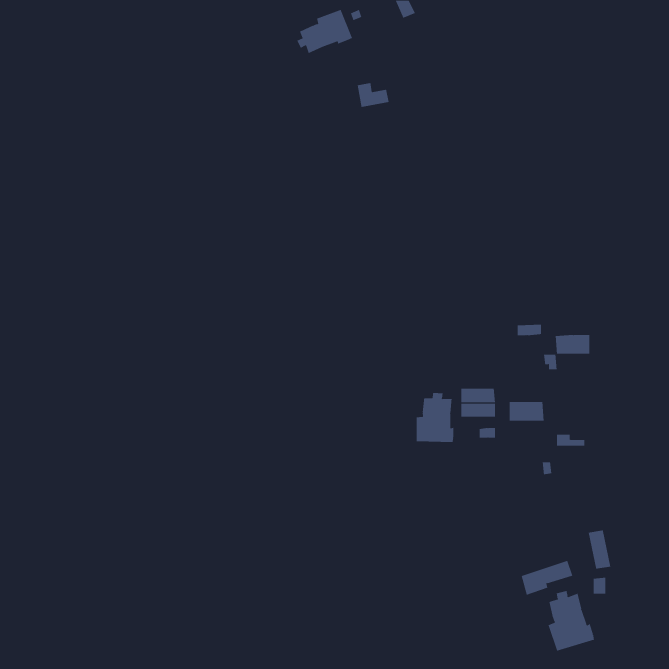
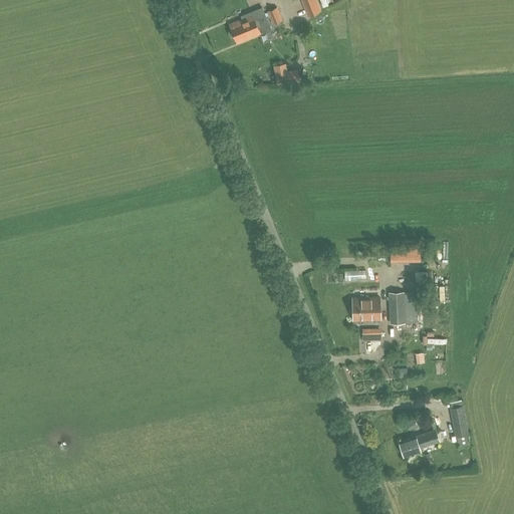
building: [555,334,590,354] -> [389,293,416,308]
building: [416,392,454,443] -> none
building: [548,590,595,652] -> none

